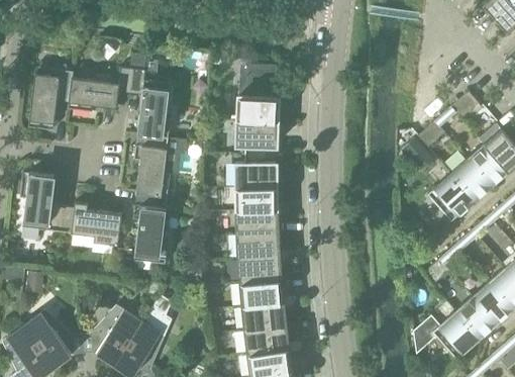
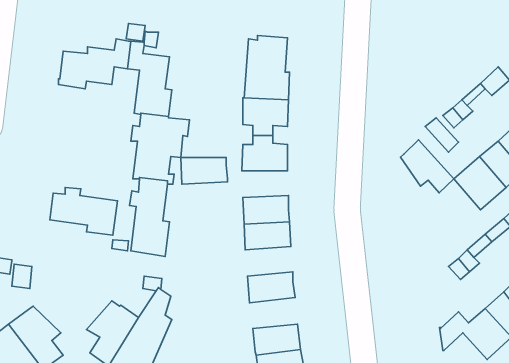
building: [28,67,73,130] -> none
building: none -> [400,140,454,193]
building: [19,172,63,231] -> none
building: [234,187,277,211] -> [181,157,227,184]
building: [237,256,281,283] -> none
building: [241,302,285,331] -> none

